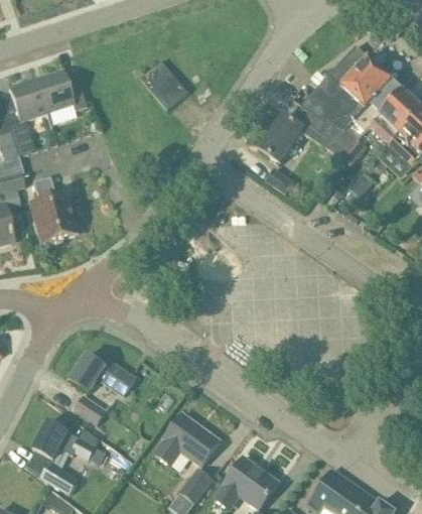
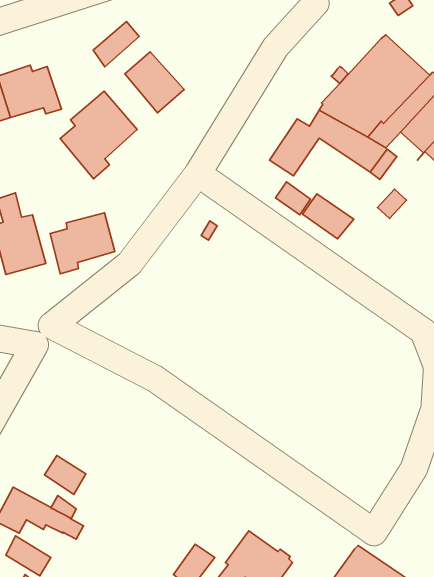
building: none -> [93,21,139,67]
building: none -> [60,91,137,179]
building: none -> [302,194,354,239]
building: none -> [50,213,115,274]
building: [69,353,127,391] -> none
building: [155,412,220,465] -> none

